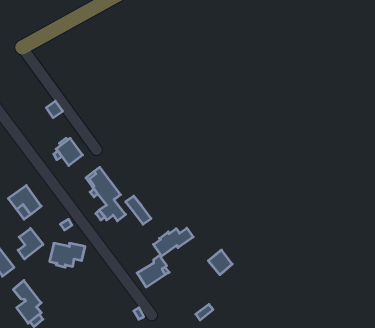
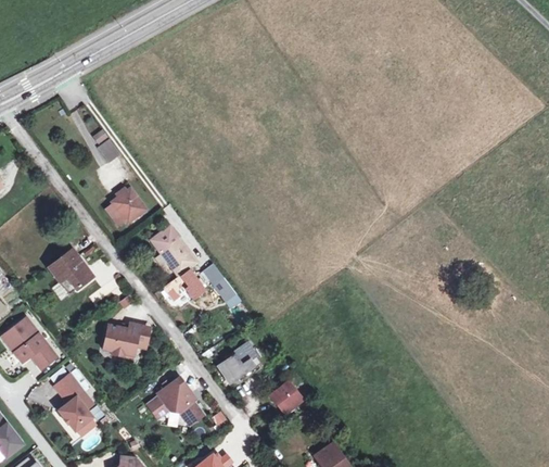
building: [153,228,193,256] -> none
building: [18,228,43,259] -> none
building: [208,250,232,275] -> [272,379,304,412]
building: none -> [146,377,204,421]

